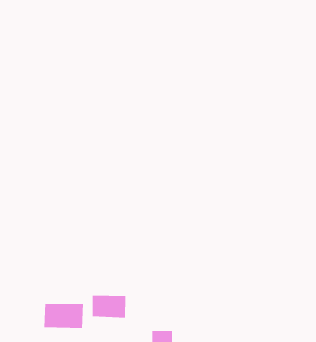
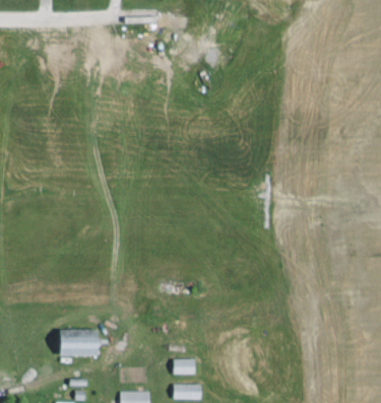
building: [92,295,126,319] -> none

